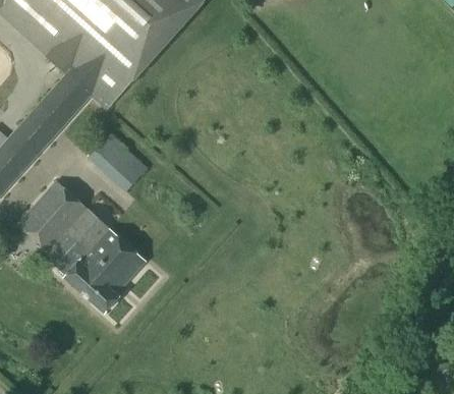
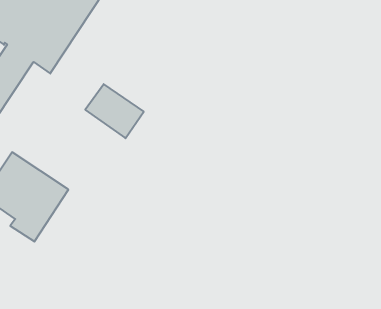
building: [90,134,149,192] -> [85,84,144,138]
building: [65,227,146,313] -> none

